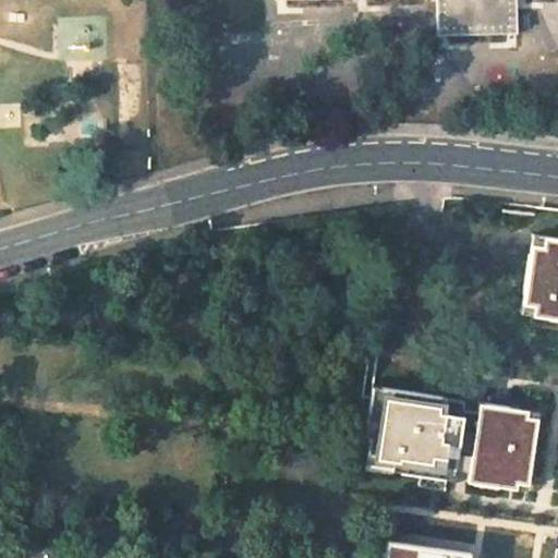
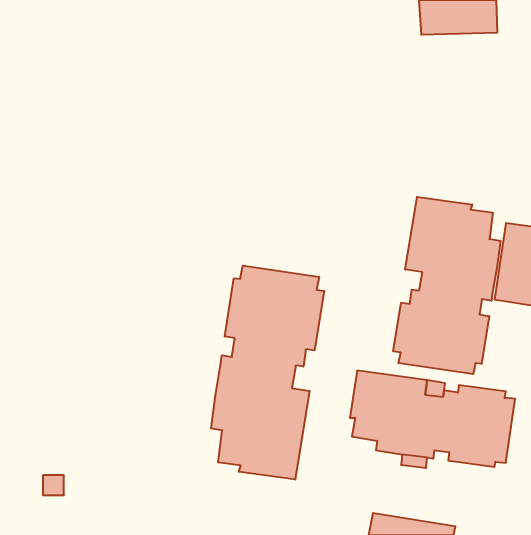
building: none -> [393,197,500,374]
building: none -> [211,266,324,480]

